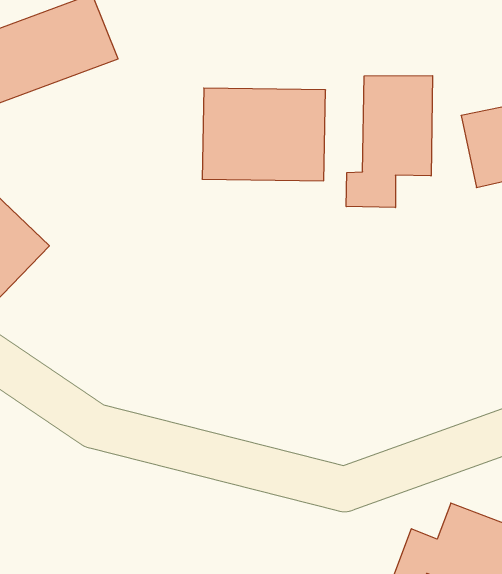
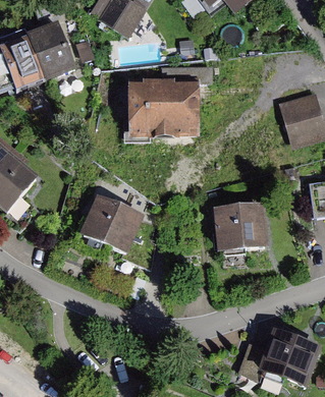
building: [346,76,433,208] -> none
building: none -> [79,195,155,266]
building: none -> [211,201,269,251]

